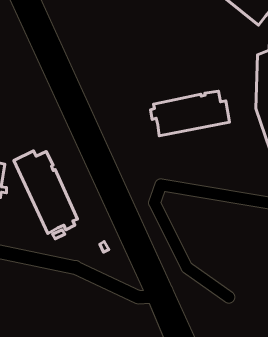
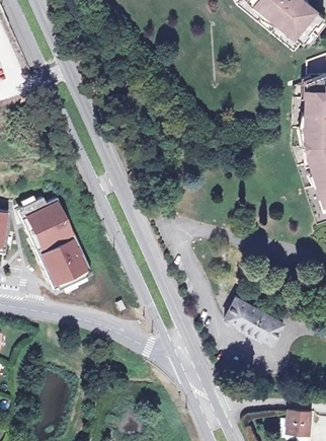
building: [150,91,229,136] -> none
building: none -> [227,295,286,343]

